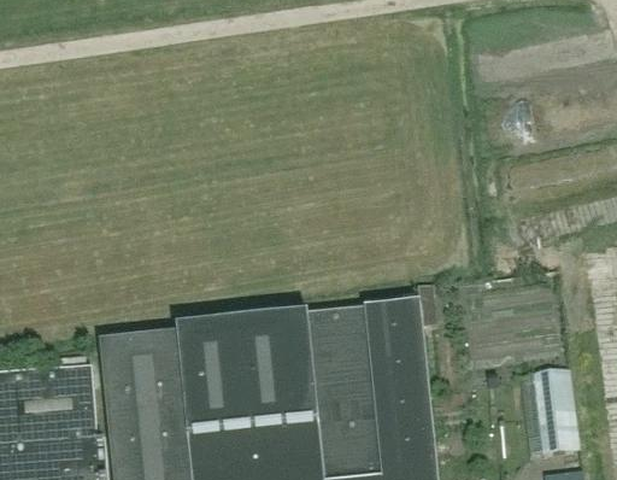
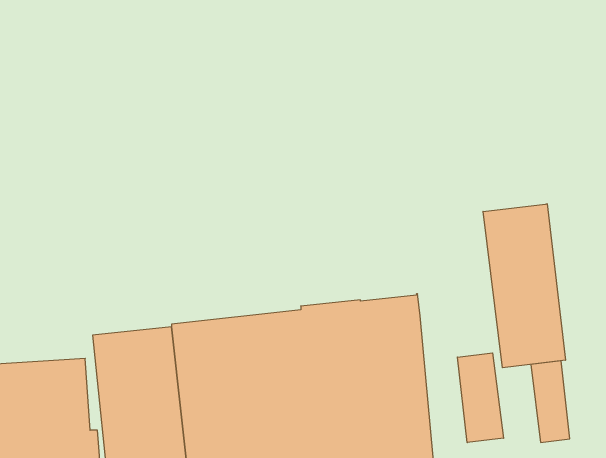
building: none -> [483,204,565,368]
building: none -> [457,353,504,443]

